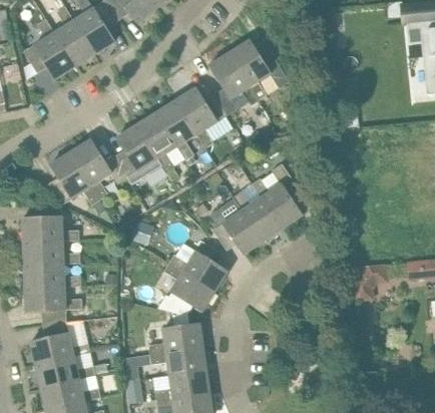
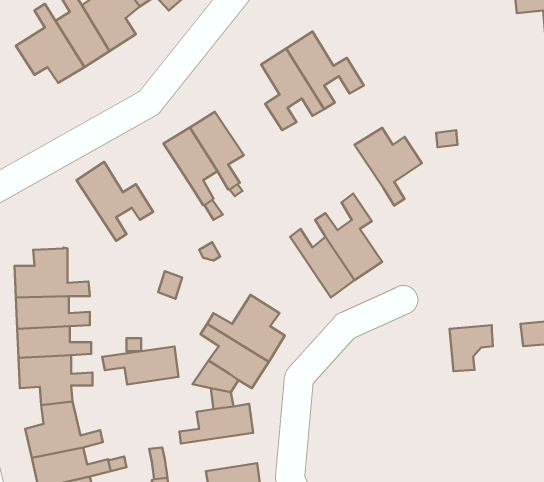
building: [174,88,226,147] -> [354,128,422,205]
building: [114,125,157,184] -> none
building: [48,153,99,205] -> none
building: [211,196,263,255] -> none
building: [148,346,206,375] -> [102,346,179,385]

